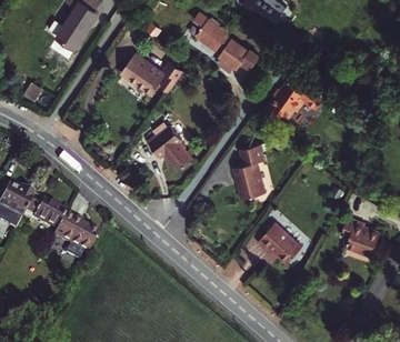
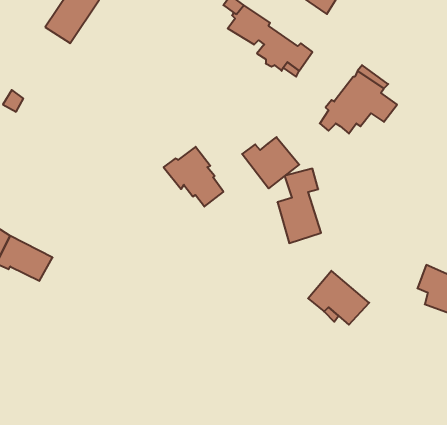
building: [120,54,166,98] -> none
building: none -> [242,137,299,188]
building: [50,212,97,262] -> none

